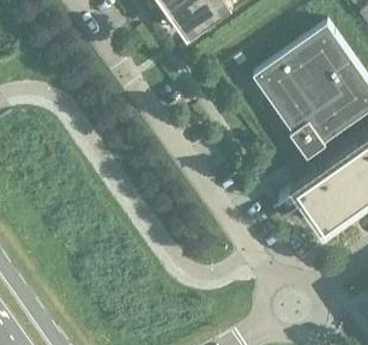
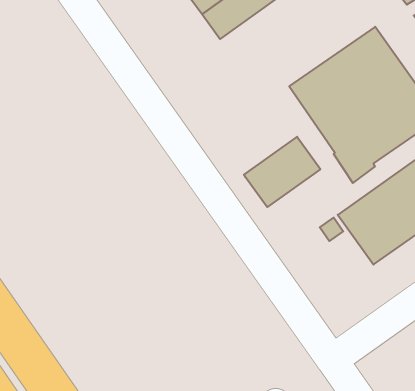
building: none -> [244,137,320,207]

